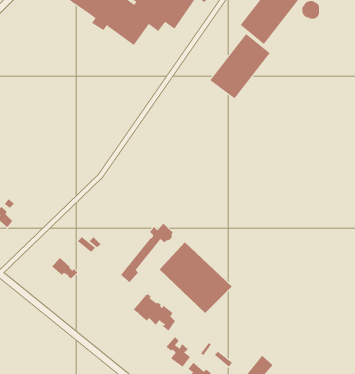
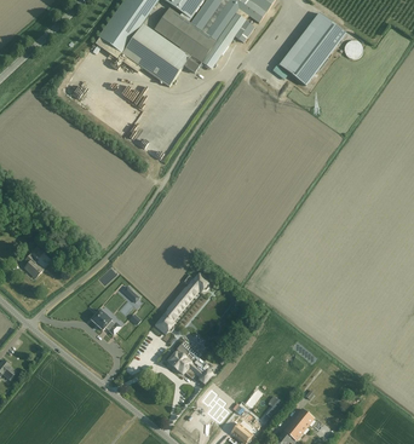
building: [210,33,271,99] -> none
building: [159,241,232,314] -> none

